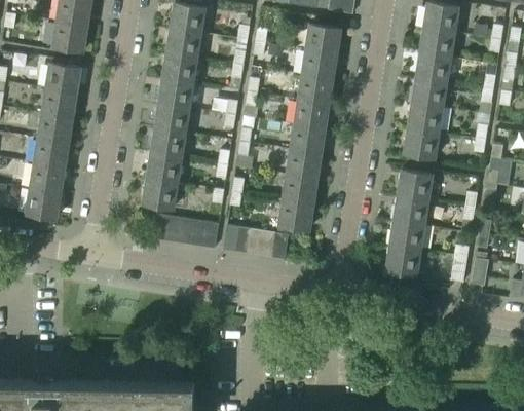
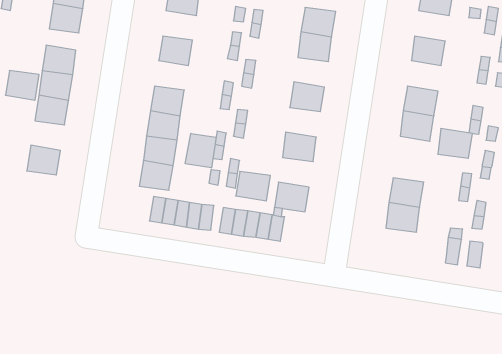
building: [166,30,200,60] -> none
building: [419,30,454,61] -> none
building: [298,77,333,107] -> none
building: [158,80,192,110] -> none
building: [412,80,446,111] -> none
building: [290,127,325,157] -> none
building: [34,141,68,171] -> [5,71,39,100]
building: none -> [185,133,216,168]
building: [398,173,433,202] -> [438,129,473,158]
building: [283,178,317,208] -> [236,171,270,201]
building: [26,191,60,221] -> none
building: [386,249,421,278] -> none

